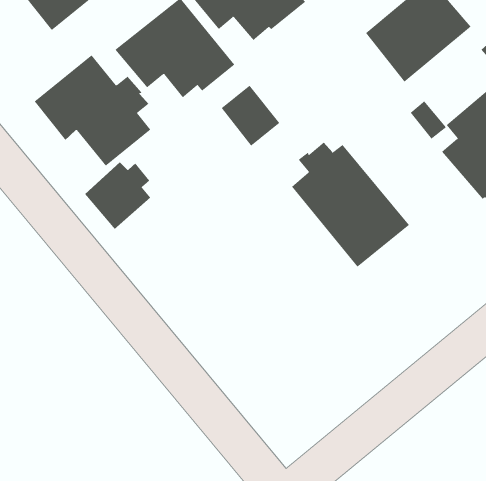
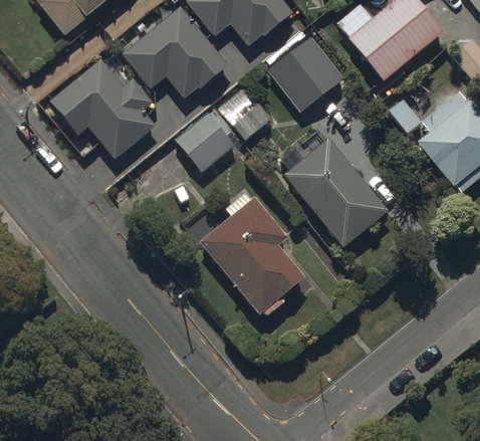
building: none -> [267,36,343,112]
building: [84,161,151,230] -> [174,112,234,173]
building: none -> [197,191,302,316]

